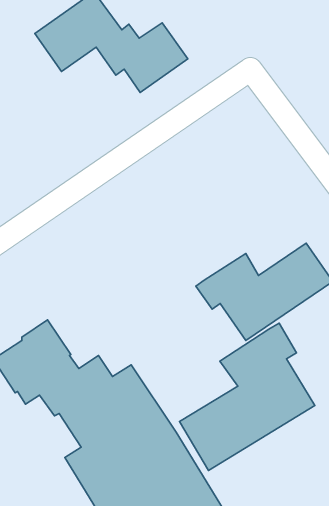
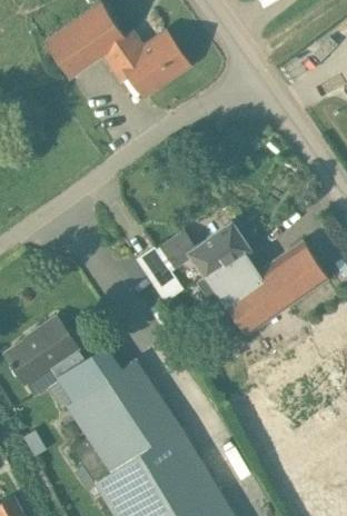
building: none -> [136,224,250,302]
building: [180,323,315,470] -> none

